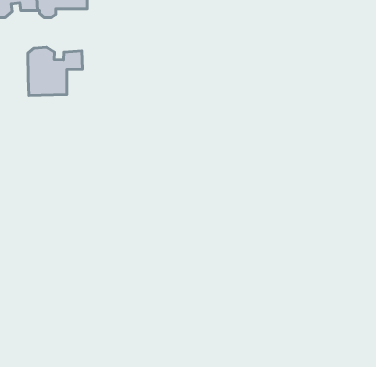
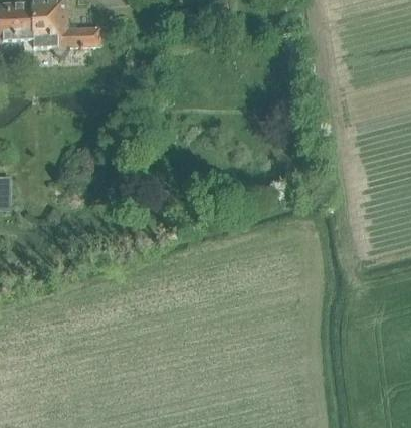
building: [28,47,83,96] -> none

